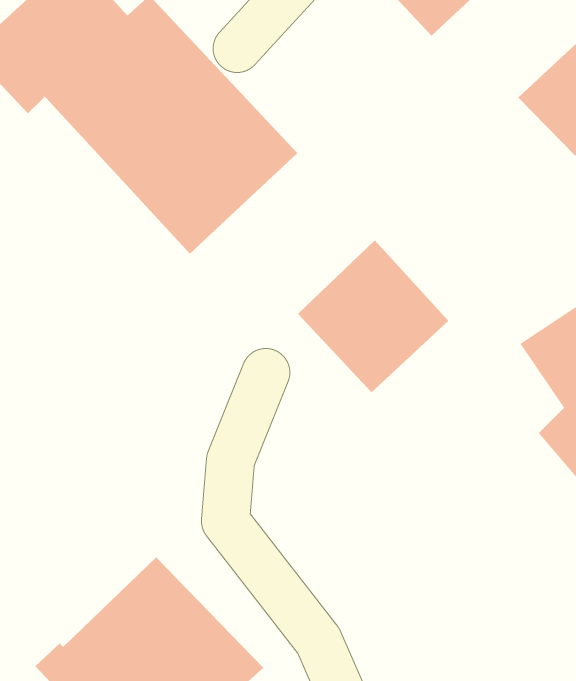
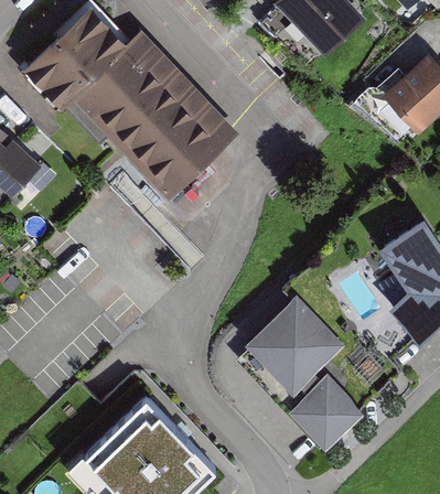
building: [297,240,449,393] -> [244,294,343,395]
building: none -> [289,374,362,447]

